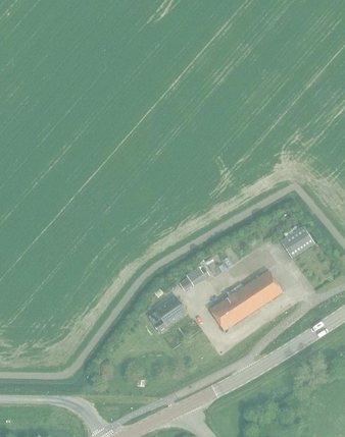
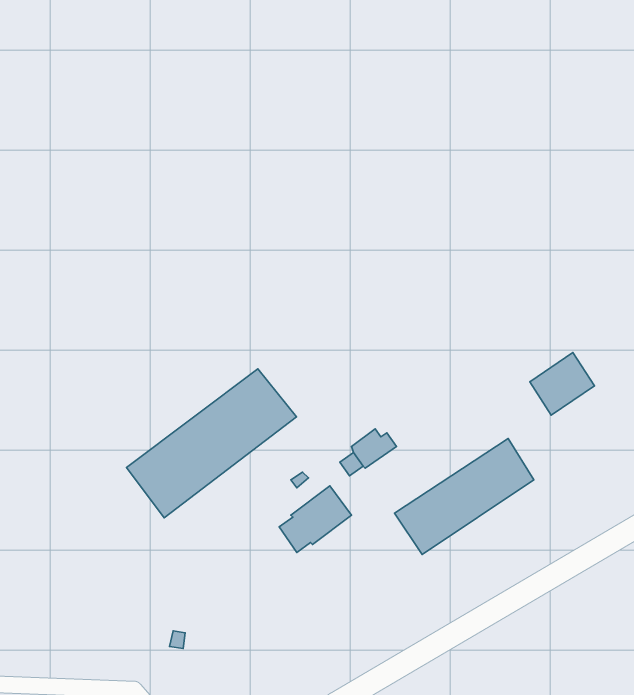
building: none -> [126,369,296,518]

